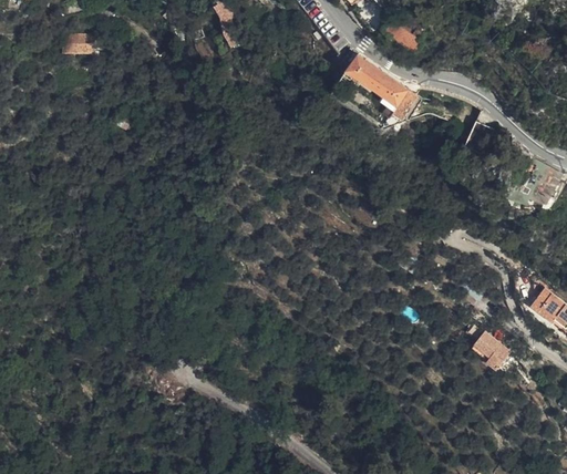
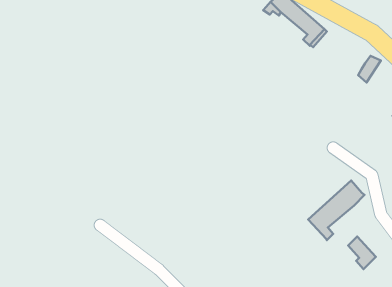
building: none -> [308,181,364,240]

